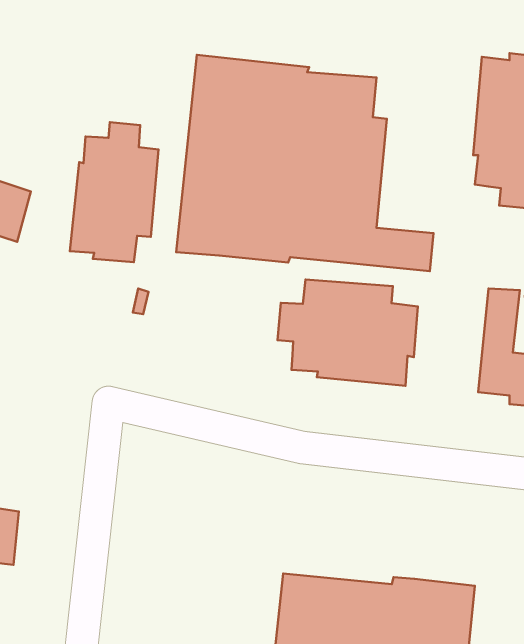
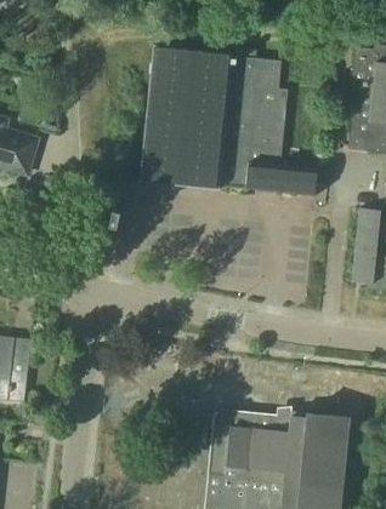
building: [70,122,158,262] -> none
building: [278,280,418,386] -> none

